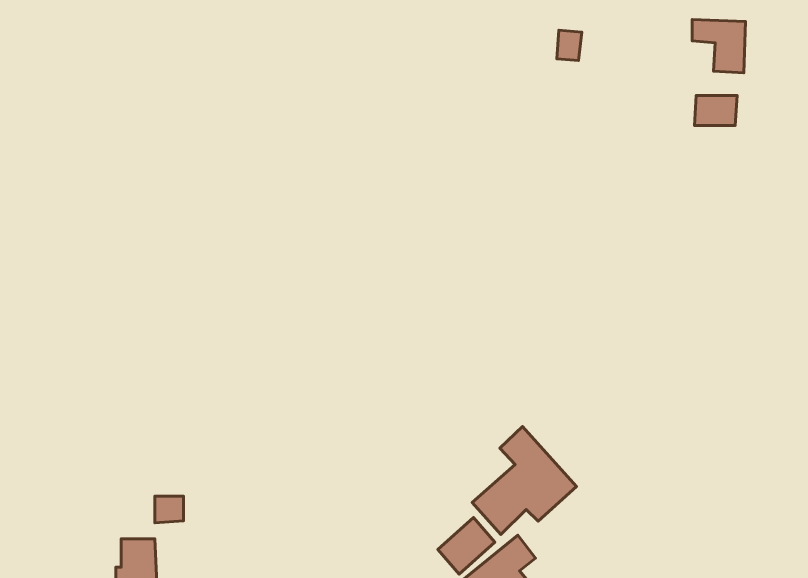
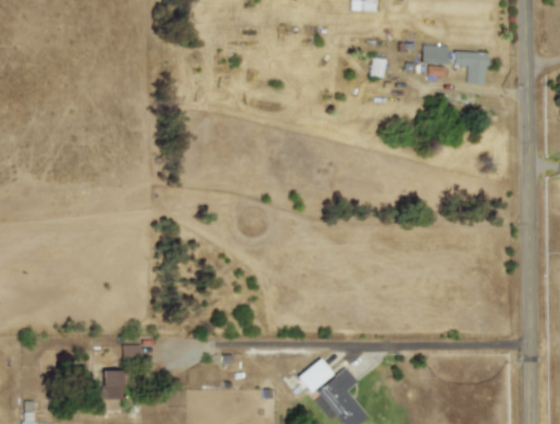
building: [694,95,737,126] -> [422,45,448,63]
building: [472,427,577,535] -> none

